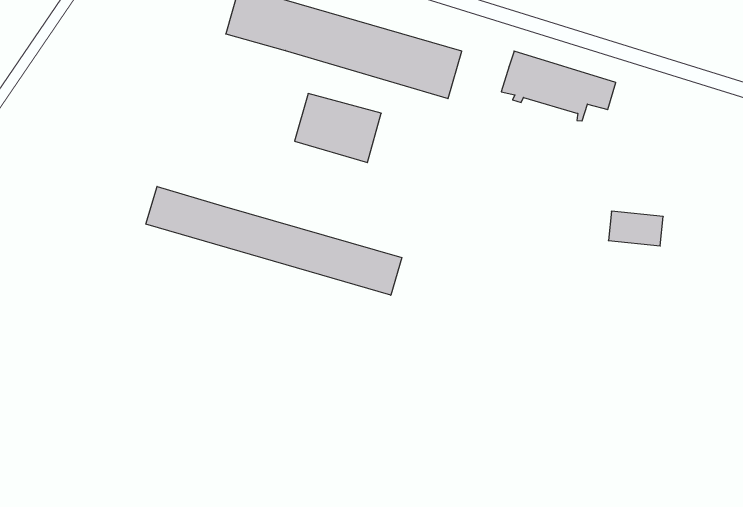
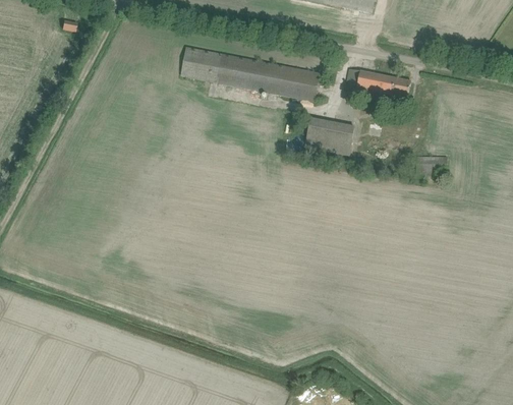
building: [295,94,381,163] -> [304,118,353,155]
building: [146,186,402,295] -> none

